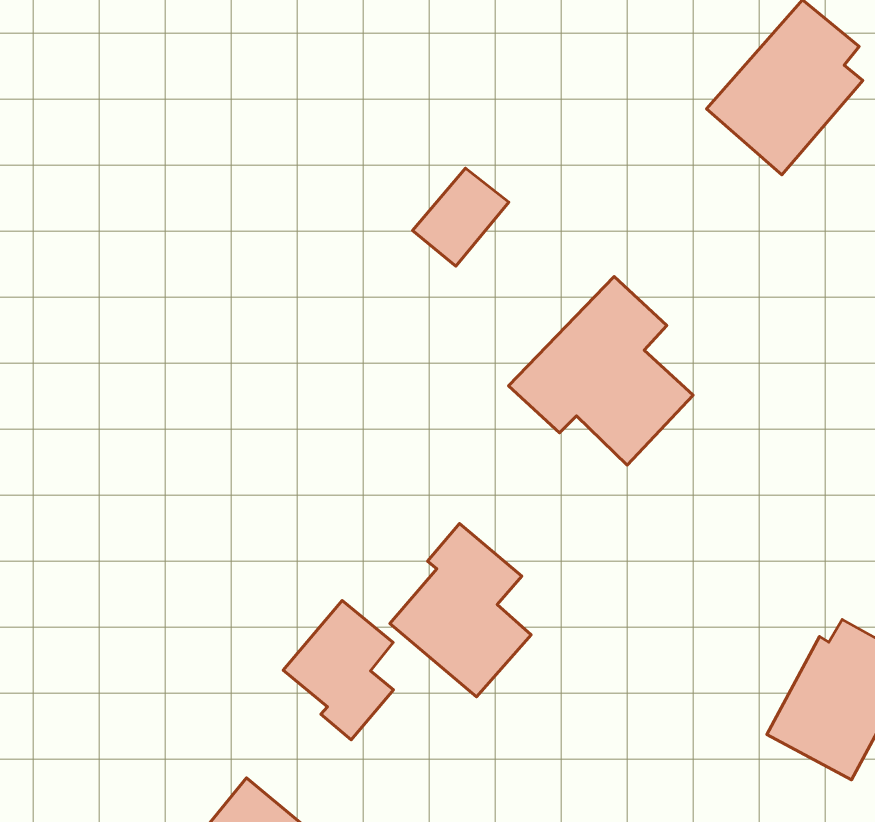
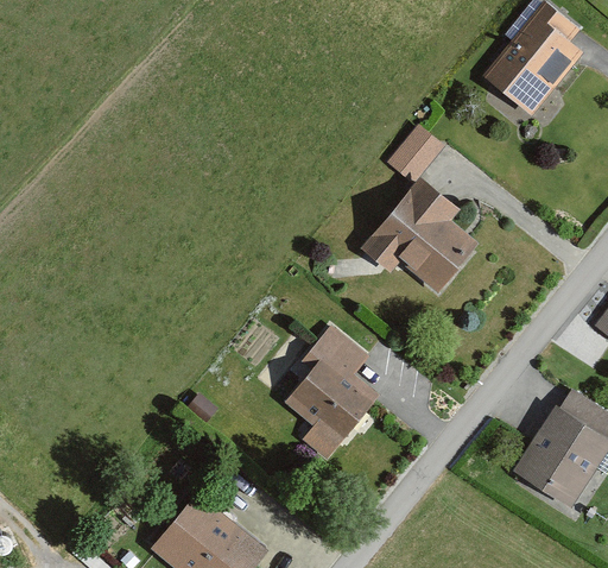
building: [413,168,509,266] -> [384,122,444,184]
building: [283,600,393,740] -> none

